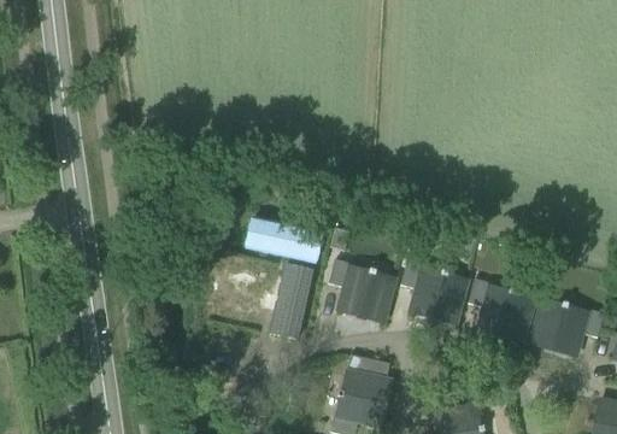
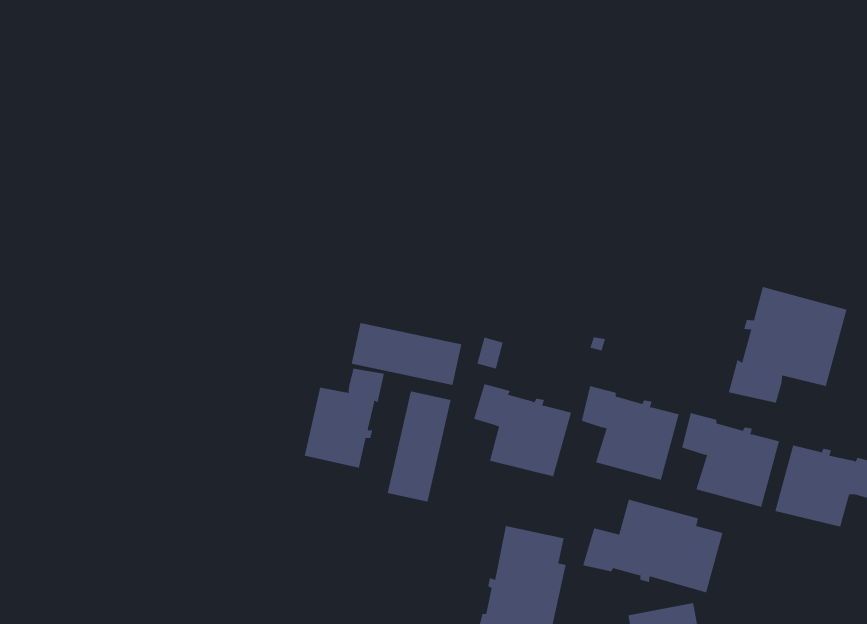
building: none -> [728,286,847,404]
building: none -> [304,368,384,469]
building: none -> [583,499,723,593]

